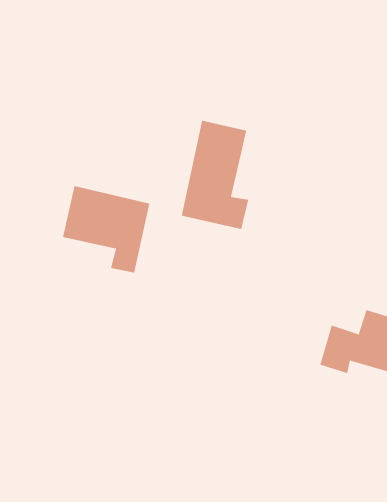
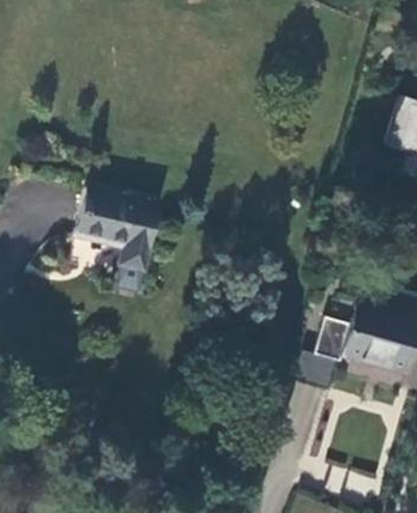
building: [181,120,249,230] -> none

